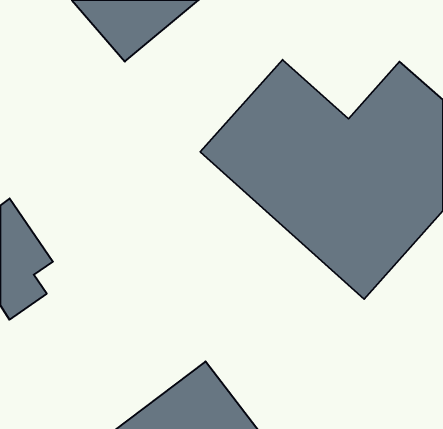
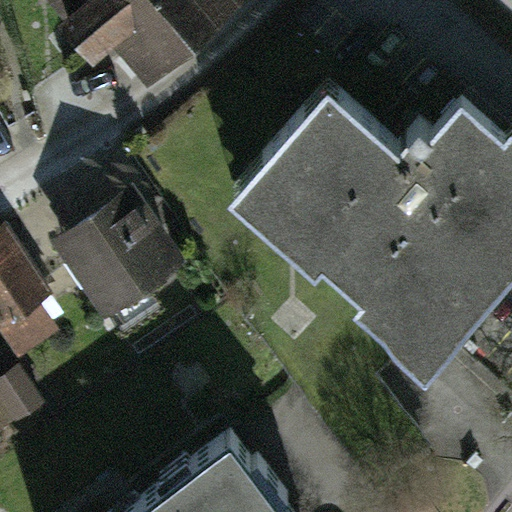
building: none -> [45,211,181,343]

